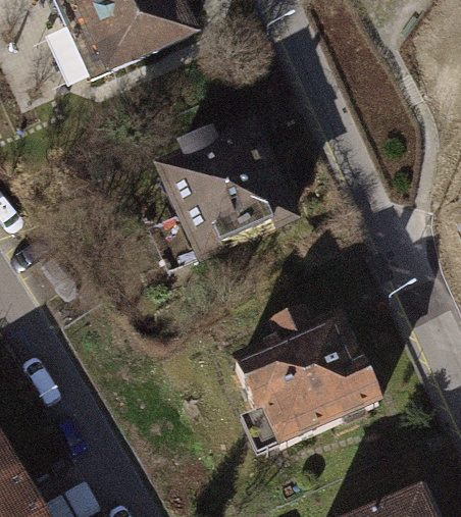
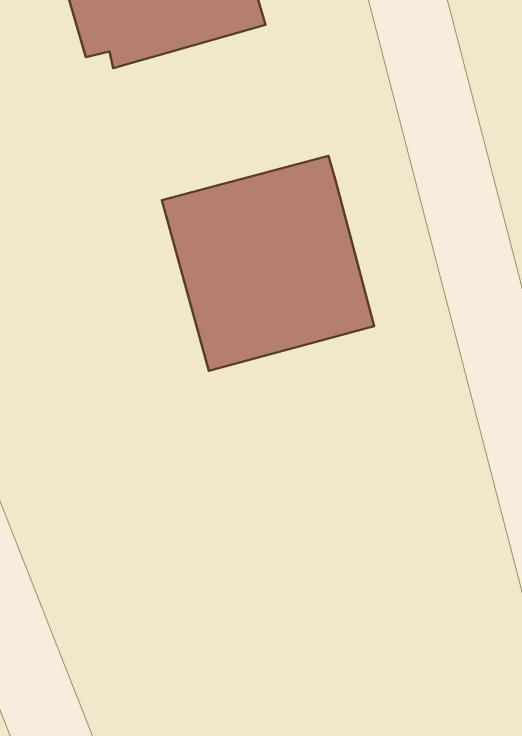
building: [233,316,366,443] -> none

